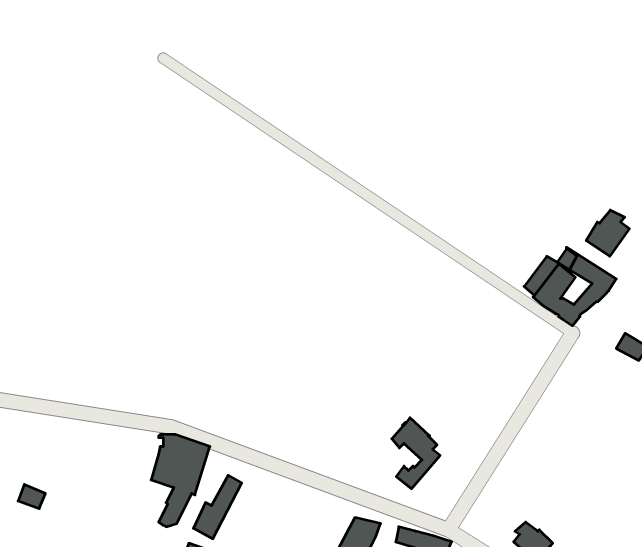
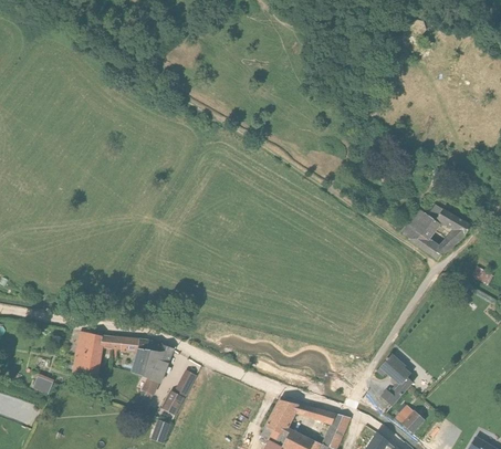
building: [586,210,629,256] -> none
building: [392,418,440,489] -> [377,354,413,406]
building: none -> [71,331,129,377]

